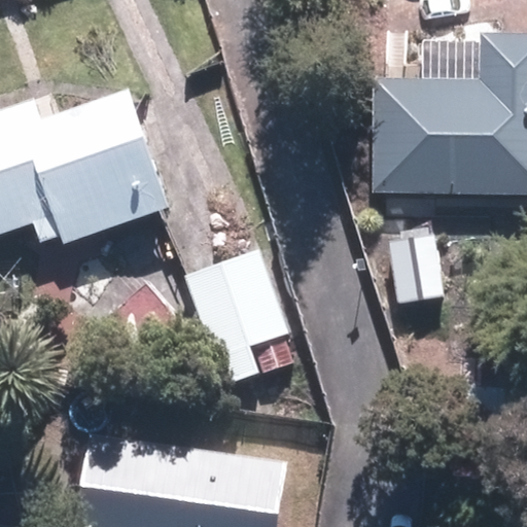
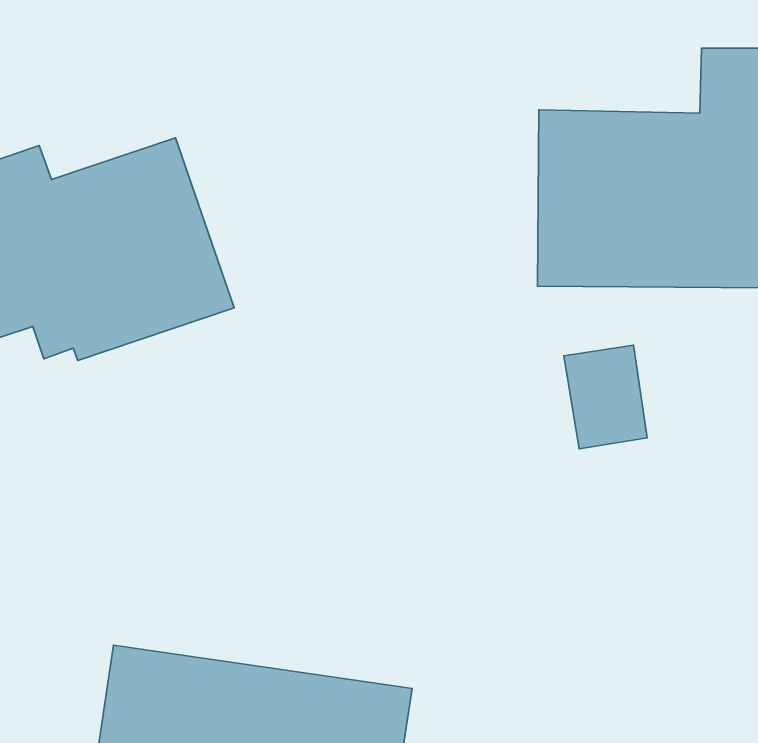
building: [183,247,300,385] -> none

